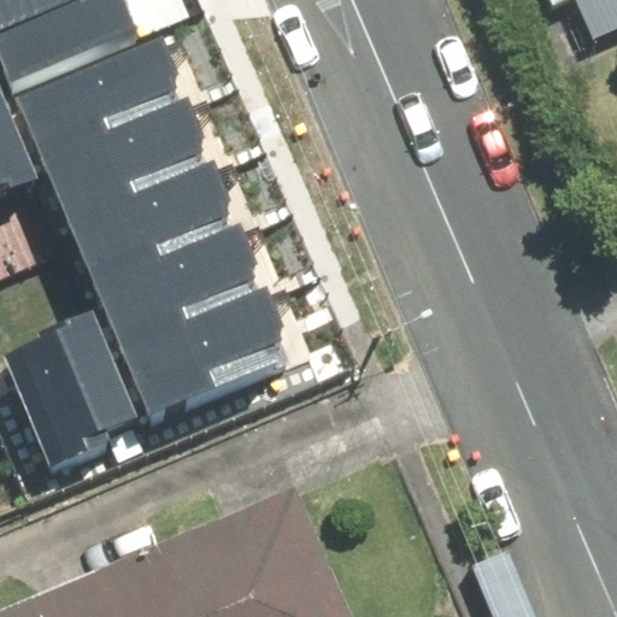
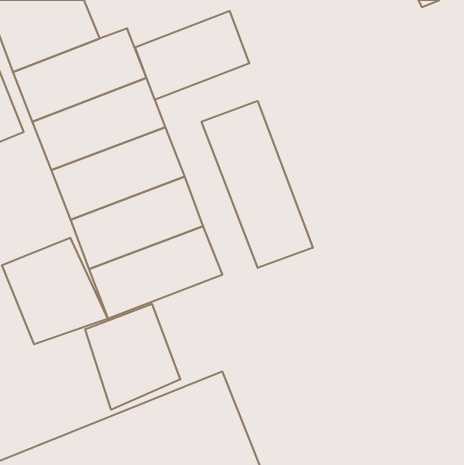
building: none -> [135,11,249,100]
building: none -> [202,101,313,268]
building: none -> [85,304,180,410]

